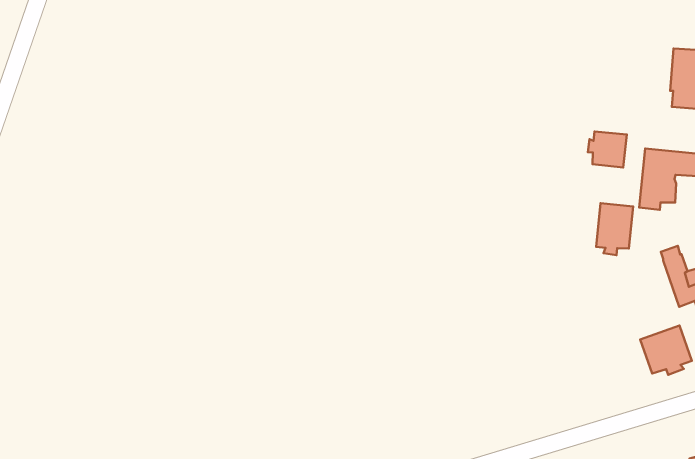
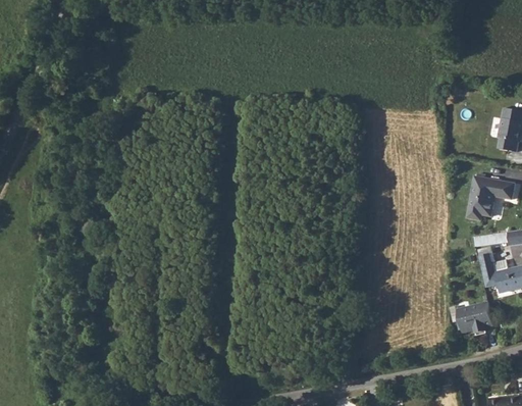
building: [588,132,627,167] -> none
building: [596,203,633,255] -> none

